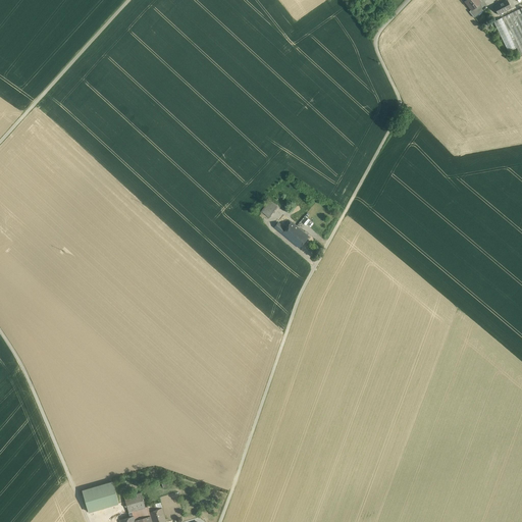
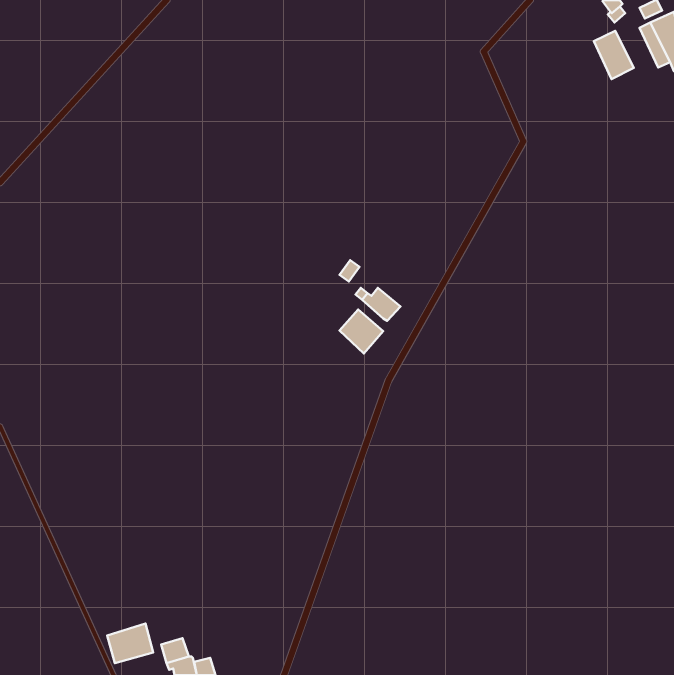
building: none -> [594,31,634,79]
building: none -> [339,309,383,354]

